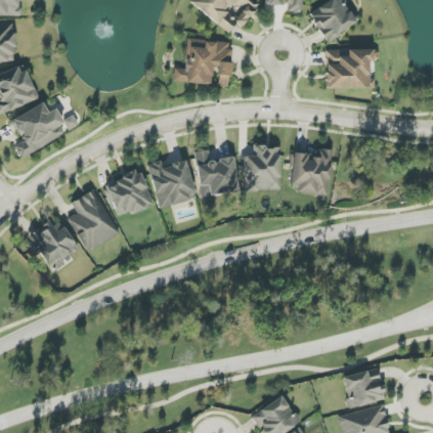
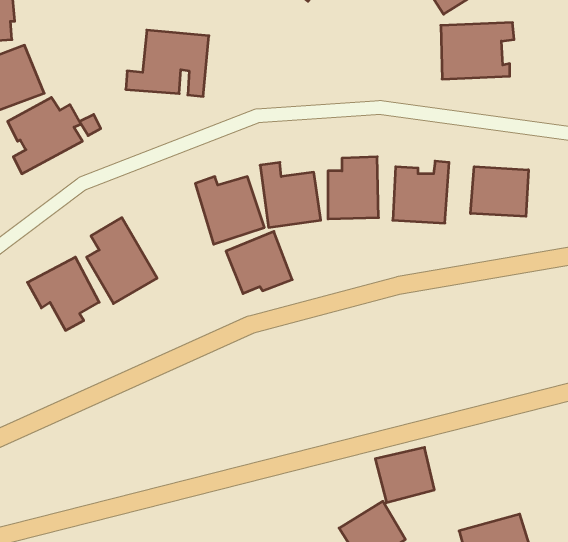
building: [173,38,233,86] -> [126,30,209,96]
building: none -> [471,167,528,216]
building: [105,171,154,216] -> [226,231,292,294]
building: [342,369,385,408] -> [375,447,434,503]

